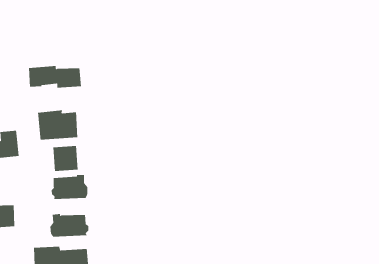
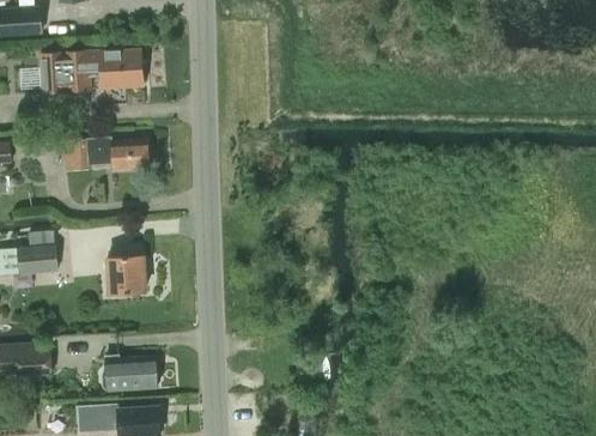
building: none -> [41,49,144,92]
building: [38,109,78,140] -> none
building: [51,174,88,200] -> none

